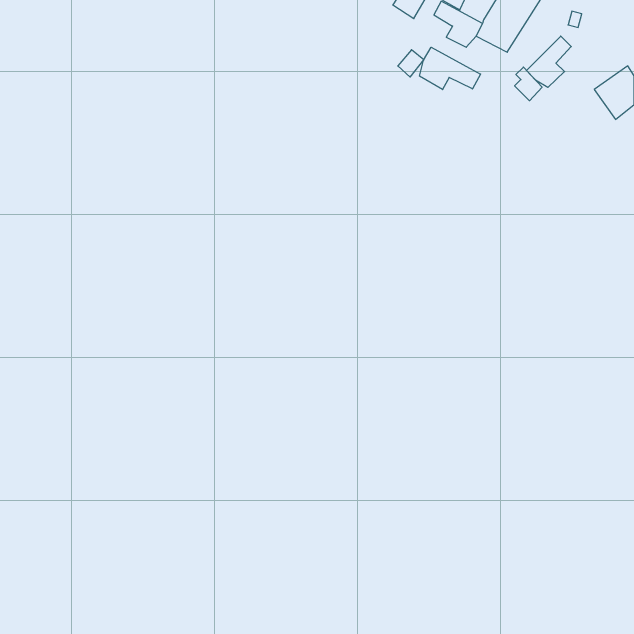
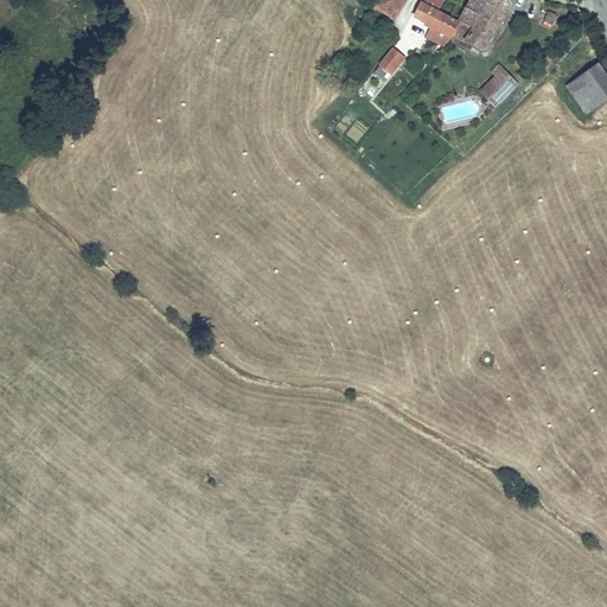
building: [527,36,571,87] -> none
building: [420,47,481,90] -> none

